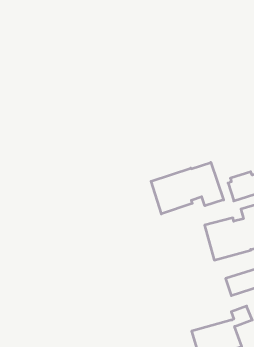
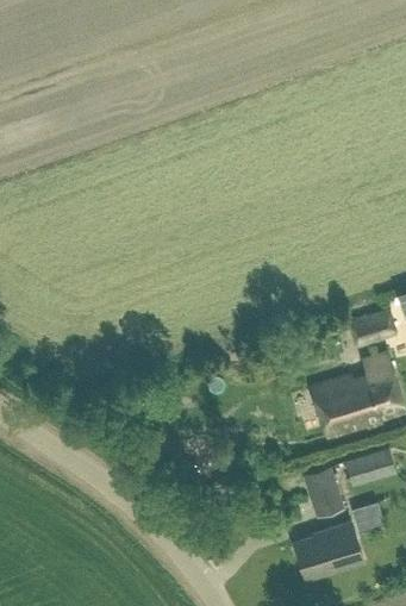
building: [151,162,224,214] -> none
building: none -> [300,466,344,518]

